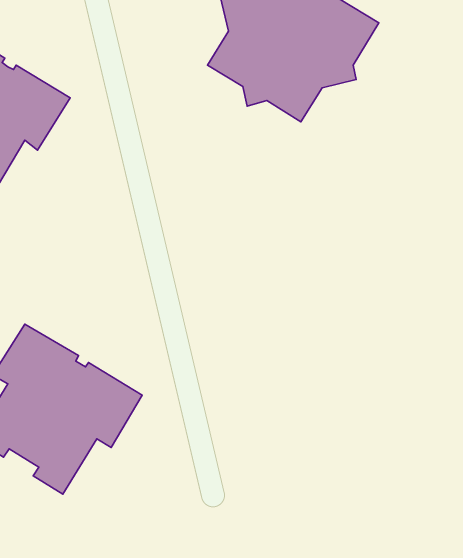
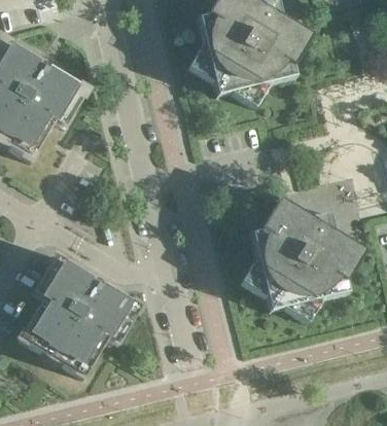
building: none -> [242,197,366,321]

